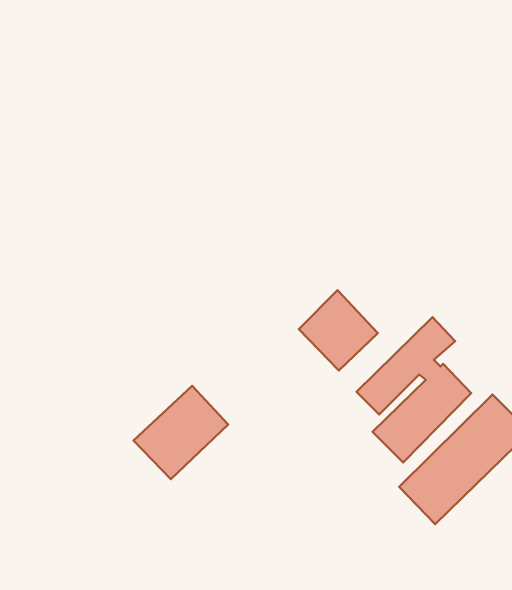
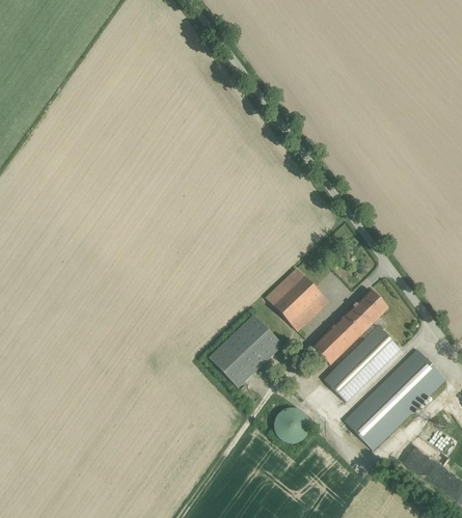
building: [133,386,228,479] -> [209,315,282,387]
building: none -> [273,407,309,442]

